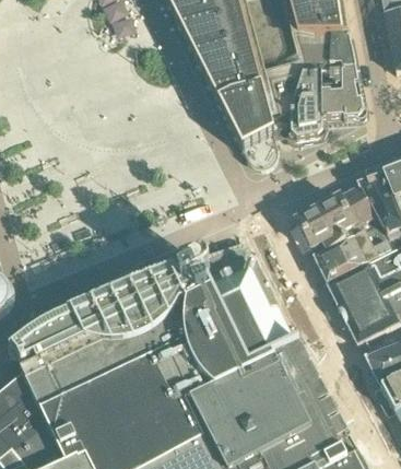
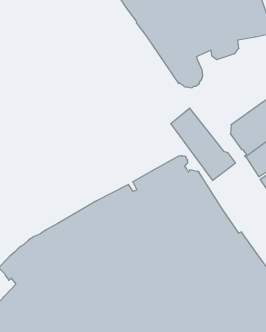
building: none -> [171,108,235,181]

